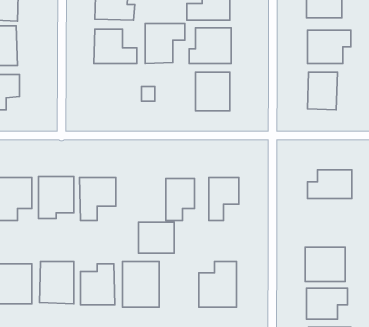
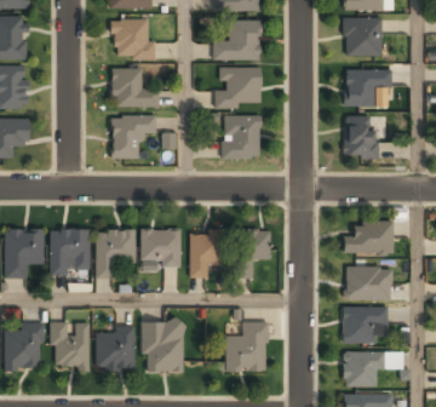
building: [145,24,185,63] -> [110,115,154,159]
building: none -> [345,266,390,299]
building: [139,222,174,253] -> [140,229,179,263]

